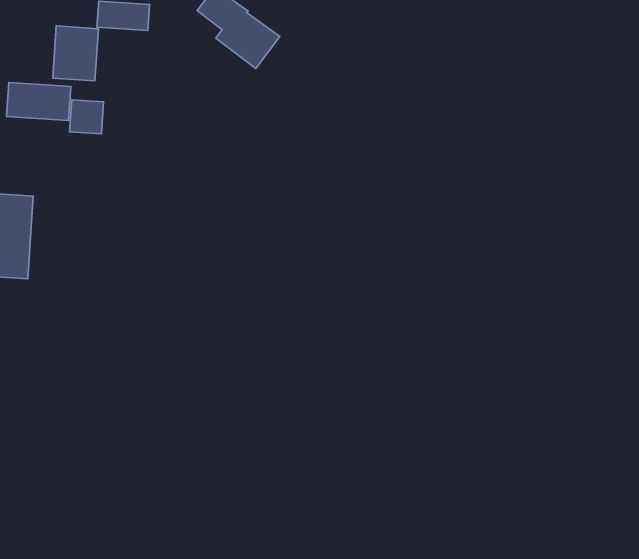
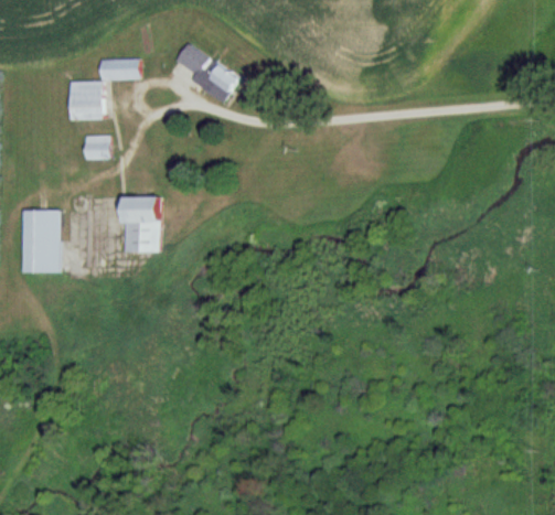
building: [6,82,71,120] -> none
building: none -> [121,196,160,253]

